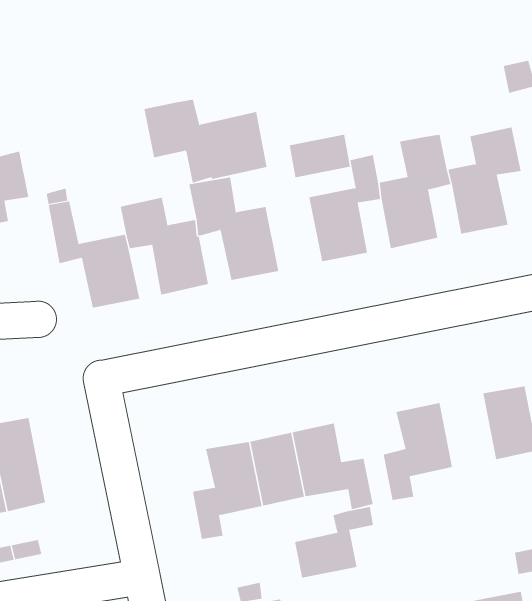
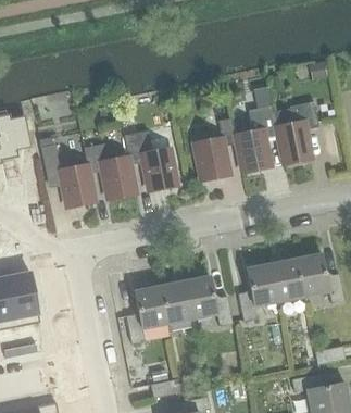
building: [144,99,267,183] -> none
building: [289,134,351,178] -> none
building: none -> [272,256,304,300]
building: [295,506,373,578] -> none

